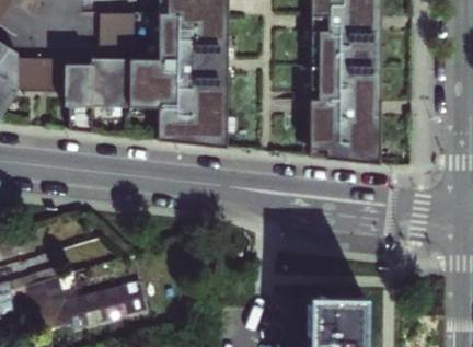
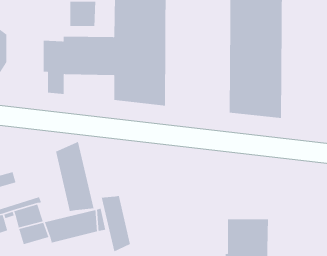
building: [16,57,58,91] -> none
building: none -> [55,141,95,212]
building: none -> [101,195,131,252]

